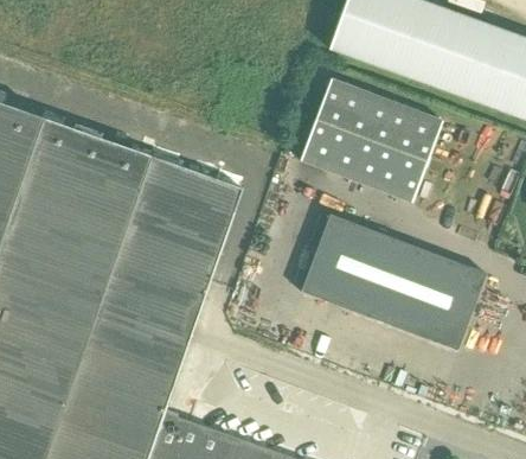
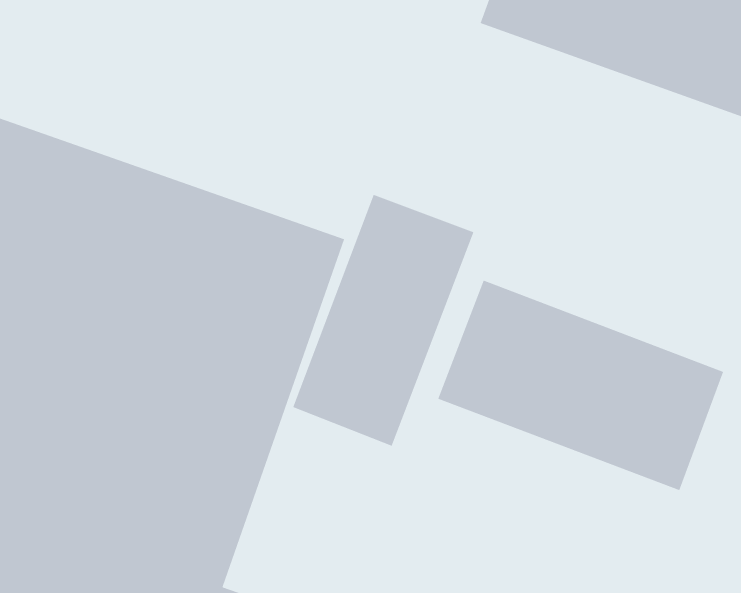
building: [301,79,443,203] -> none
building: none -> [292,194,475,447]

